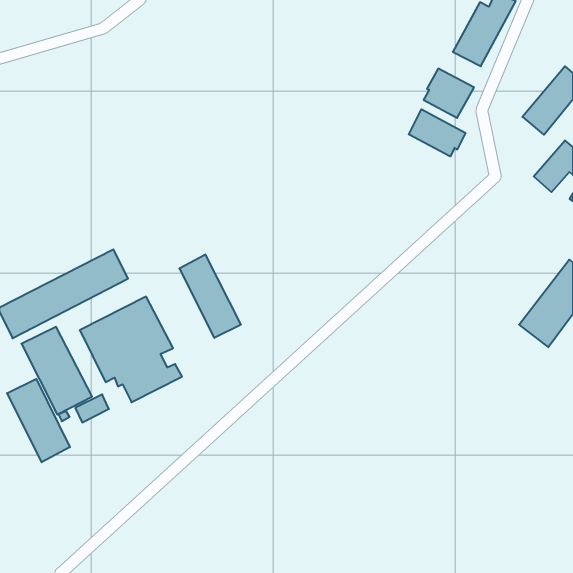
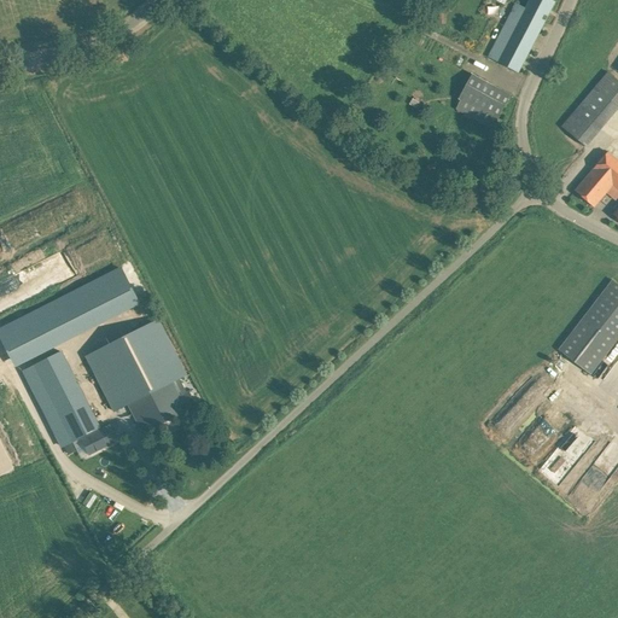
building: [409,109,465,156] -> none
building: [179,254,241,338] -> none
building: [7,379,70,462] -> none

